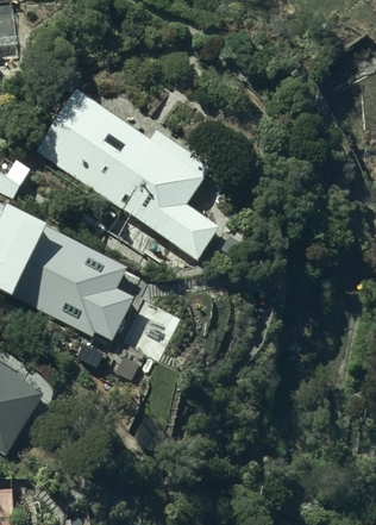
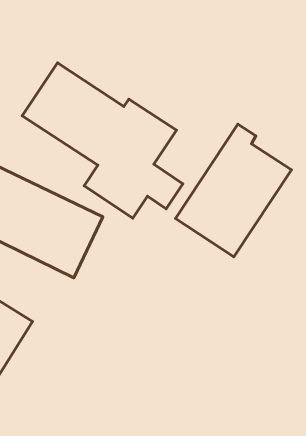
building: none -> [175,124,292,257]

